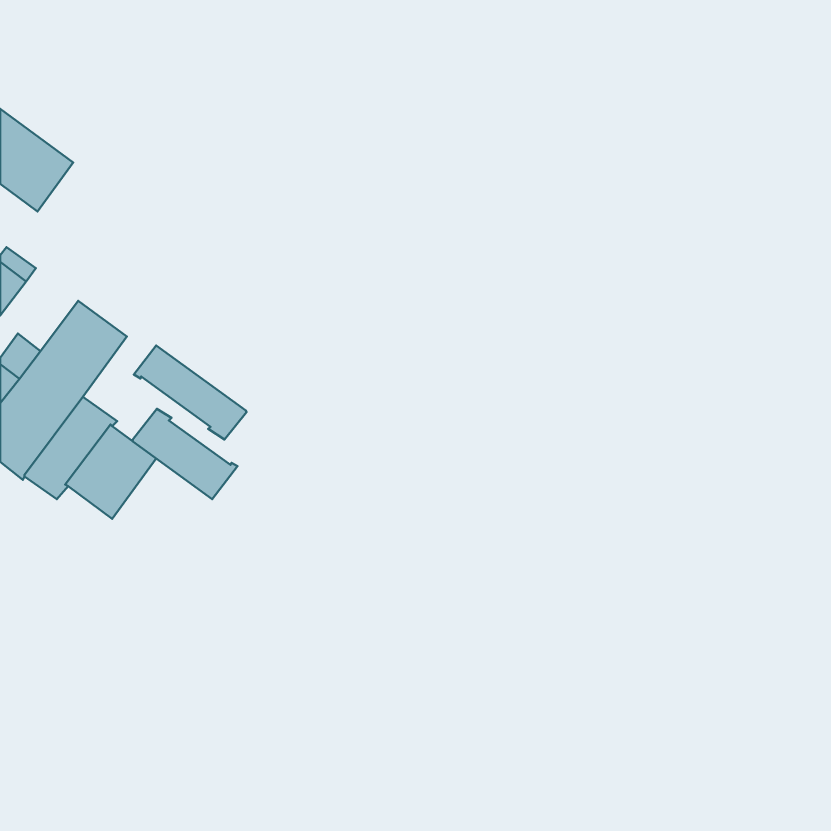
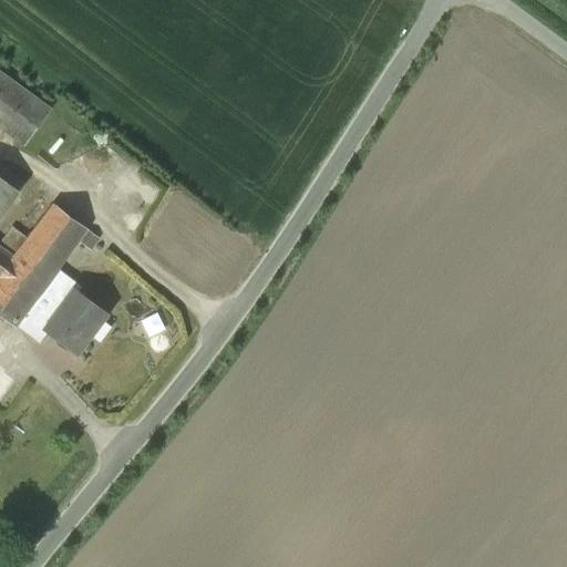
building: [134,345,246,439] -> none
building: [132,409,238,499] -> none

